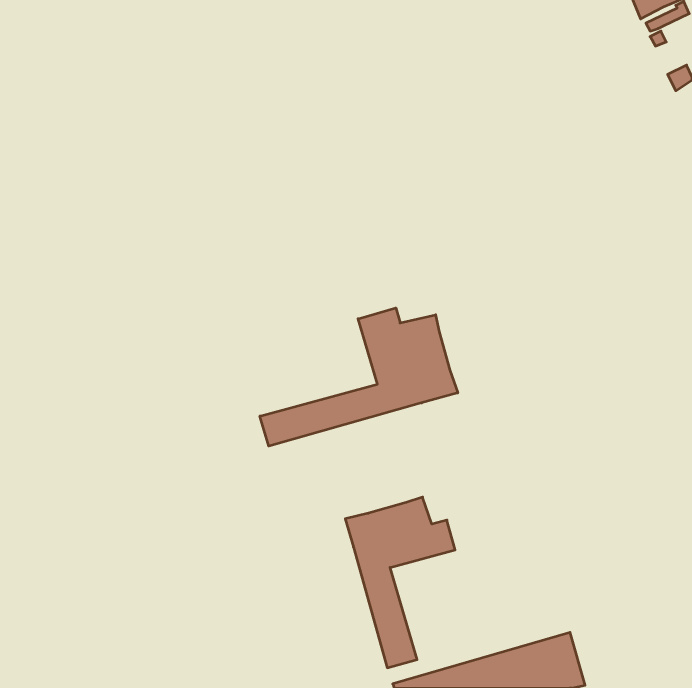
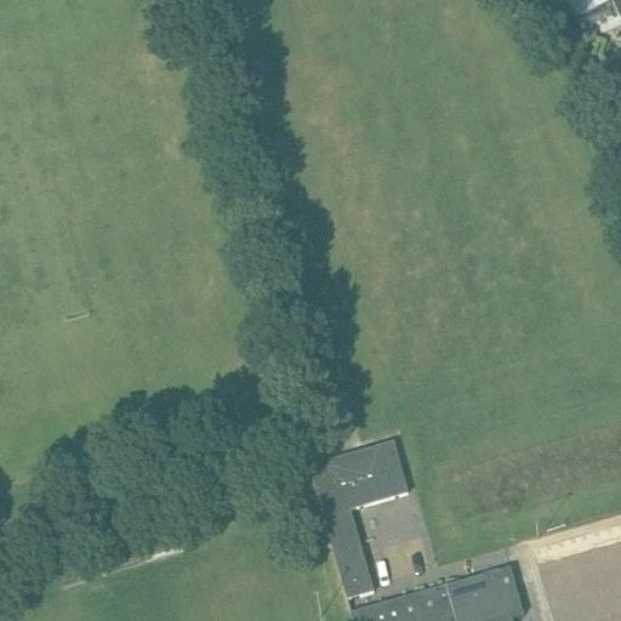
building: [260,308,458,446] -> none

